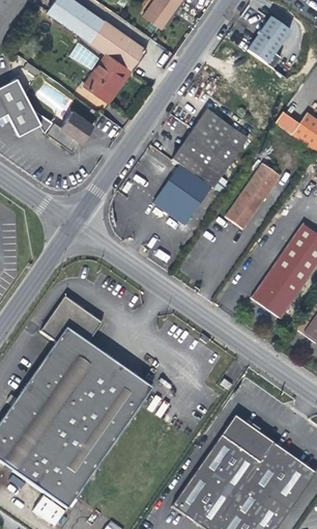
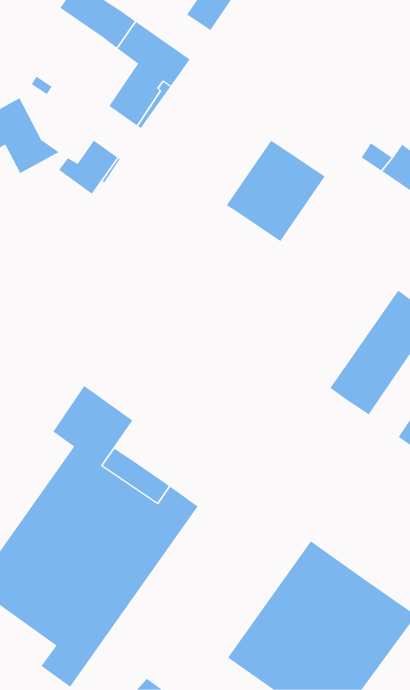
building: [247,18,289,64] -> none
building: [225,163,281,229] -> none
building: [152,164,212,225] -> none

